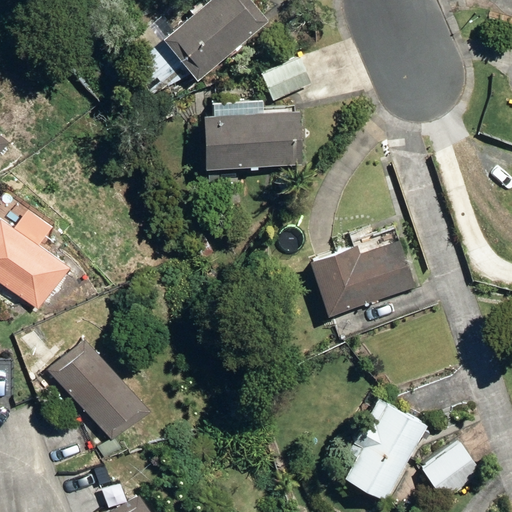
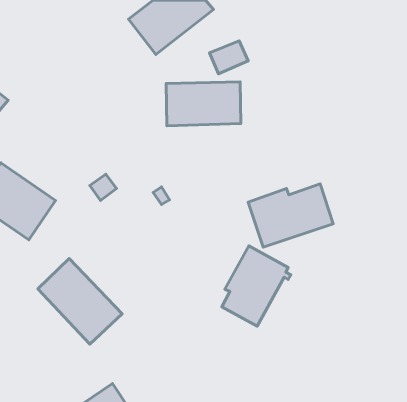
building: [343,399,429,499] -> [222,246,291,326]
building: [421,444,483,504] -> none

